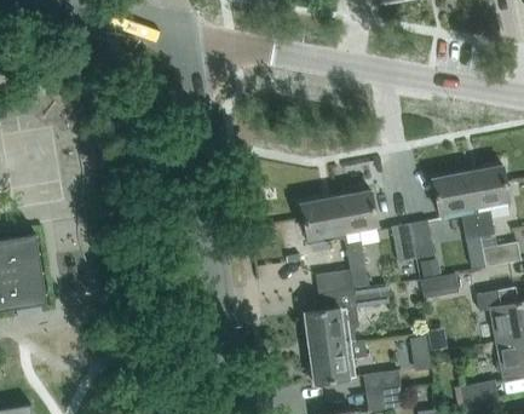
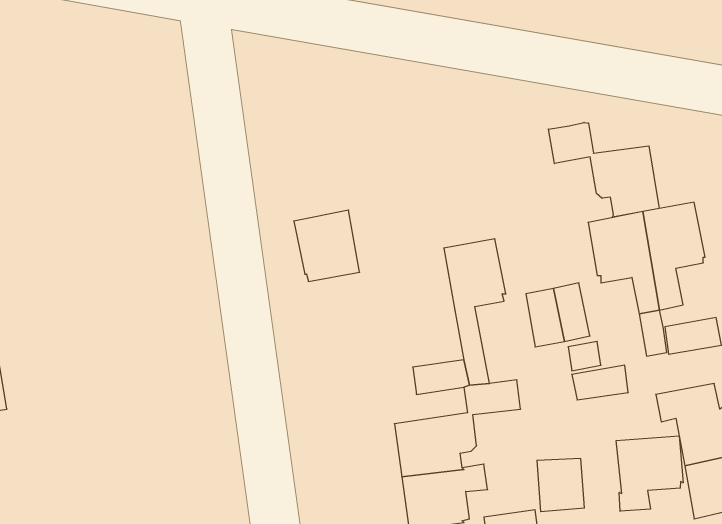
building: none -> [548,122,659,217]
building: [300,196,344,243] -> [294,210,360,281]
building: none -> [616,436,683,511]

